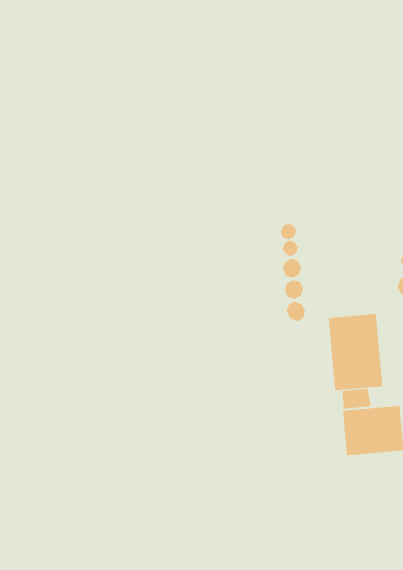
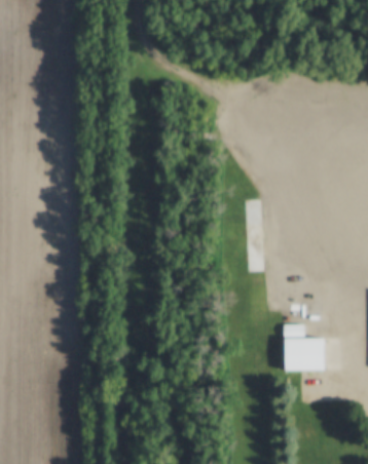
building: [328,313,383,391] -> none

